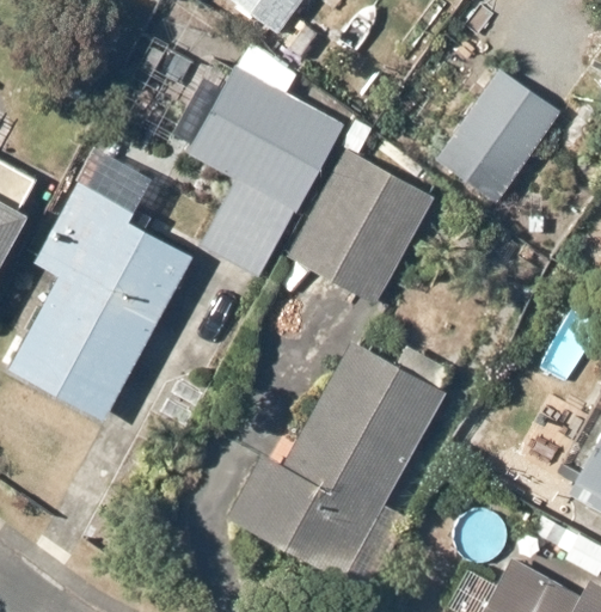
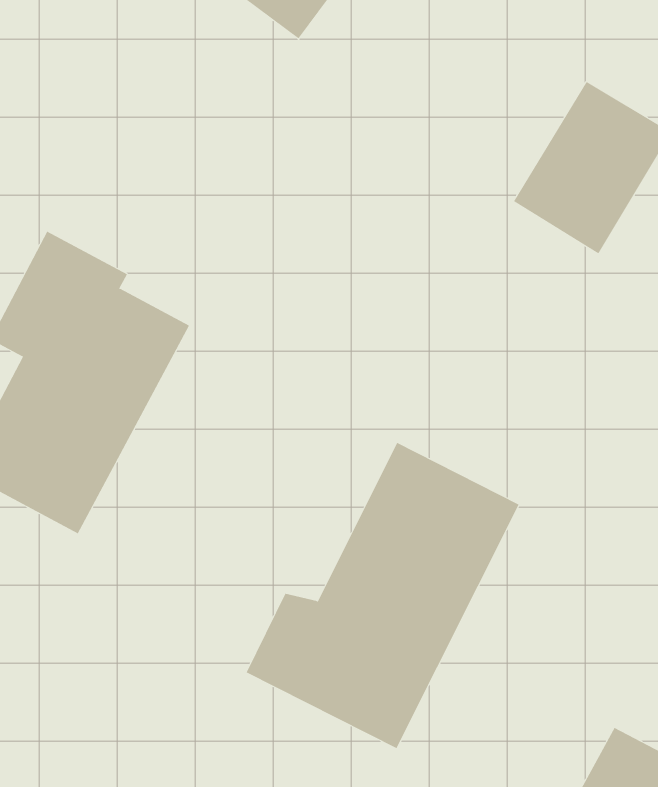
building: [186,66,343,277] -> none
building: [287,149,430,304] -> none

